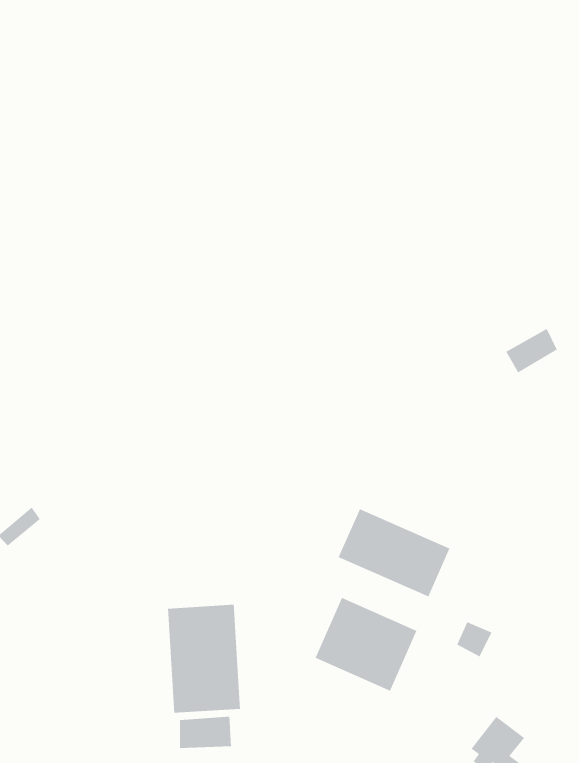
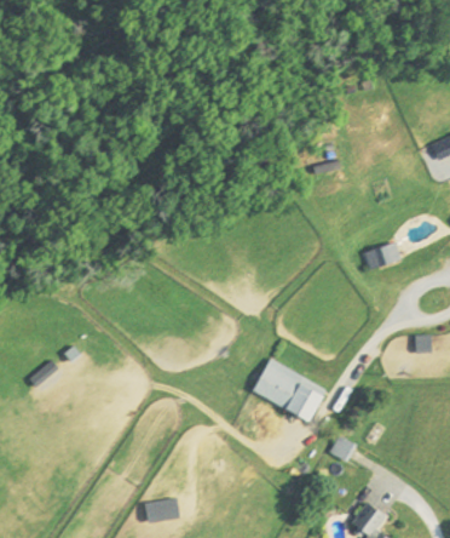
building: [315,597,417,692] -> none
building: [167,604,241,714] -> none

